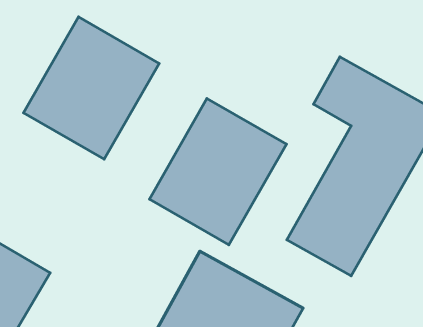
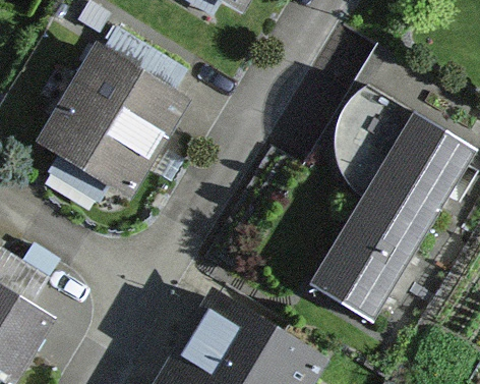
building: [149,99,286,245] -> none

